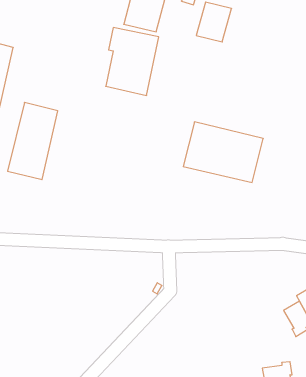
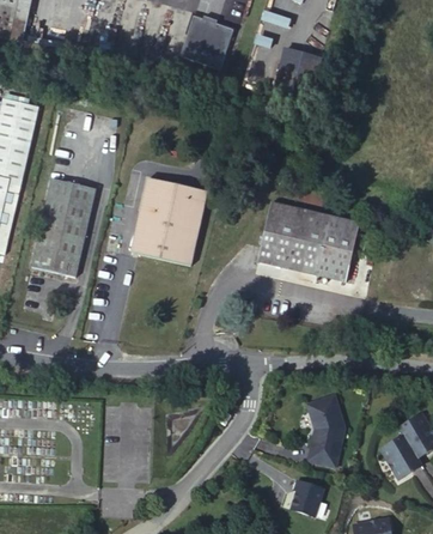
building: [106,28,159,95] -> [138,176,206,263]
building: none -> [304,393,342,465]
building: none -> [289,478,322,514]

